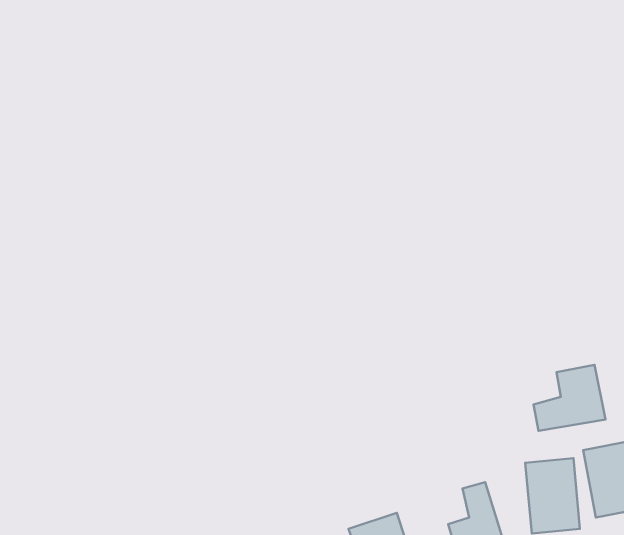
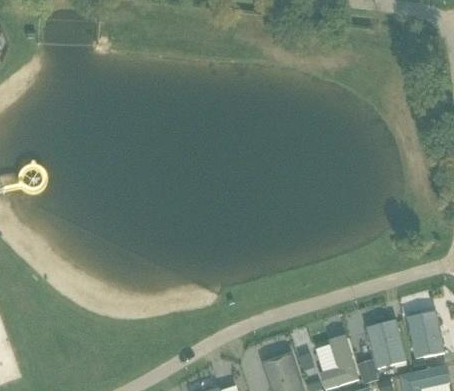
building: [533,365,605,431] -> none

